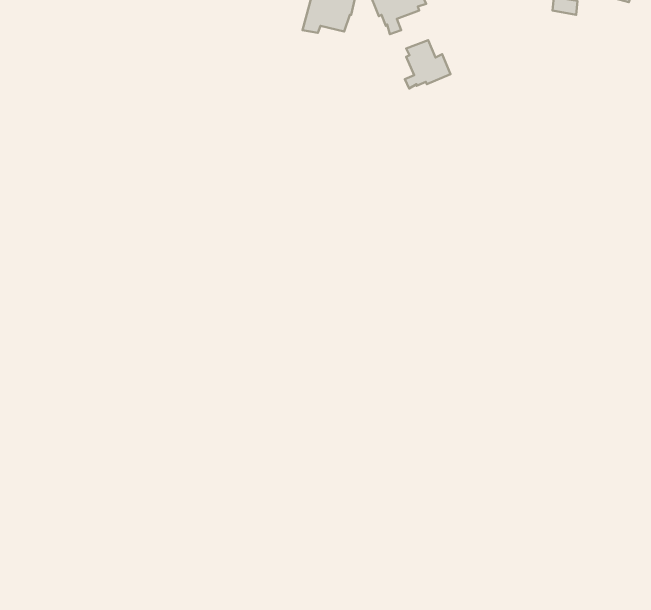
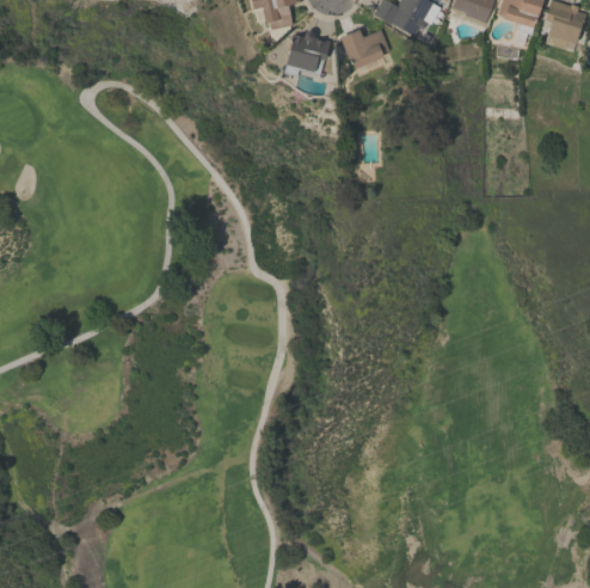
building: [405,40,450,88] -> none

